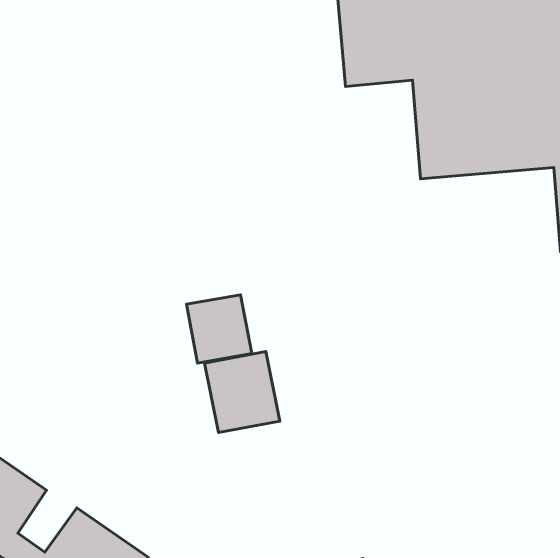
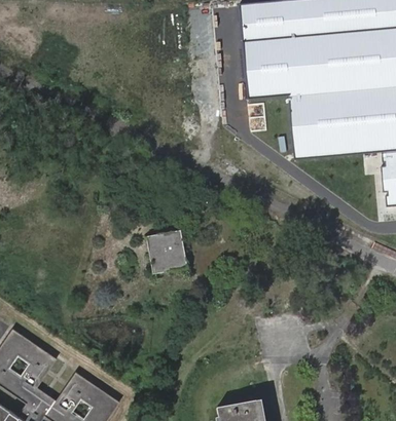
building: [205,351,280,433] -> none

